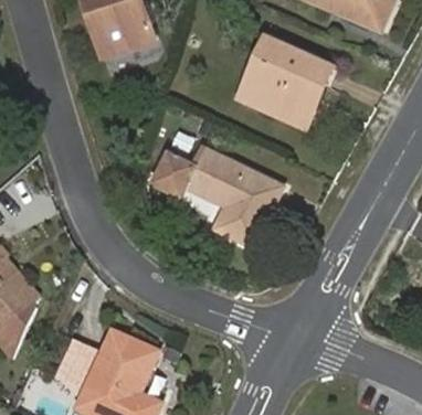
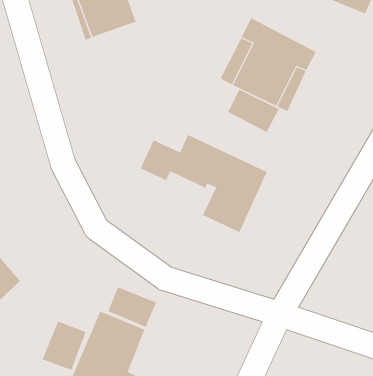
building: none -> [227,89,279,133]
building: none -> [108,287,157,328]

